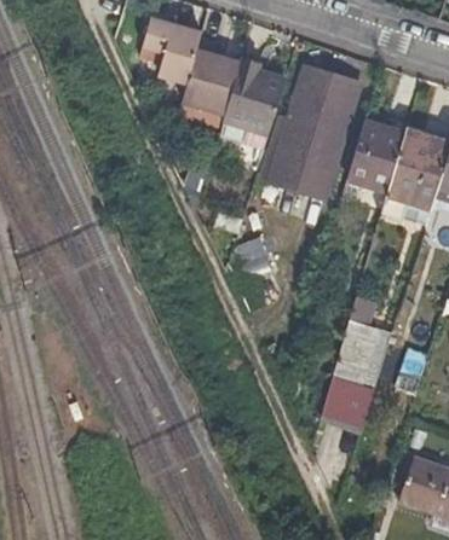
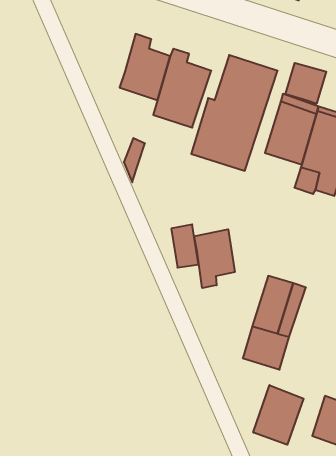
building: [142,18,198,83] -> none
building: none -> [285,63,326,104]
building: none -> [194,229,235,288]
building: none -> [253,385,304,445]

